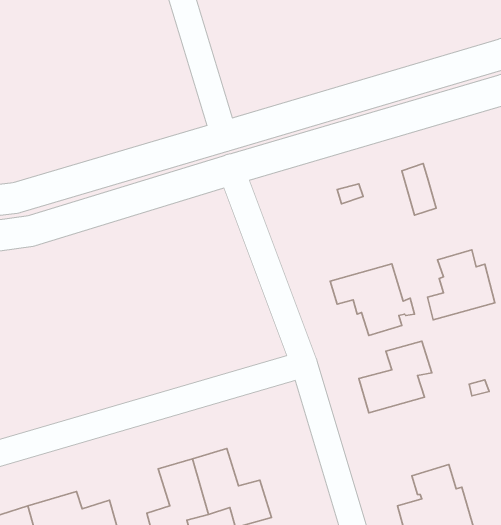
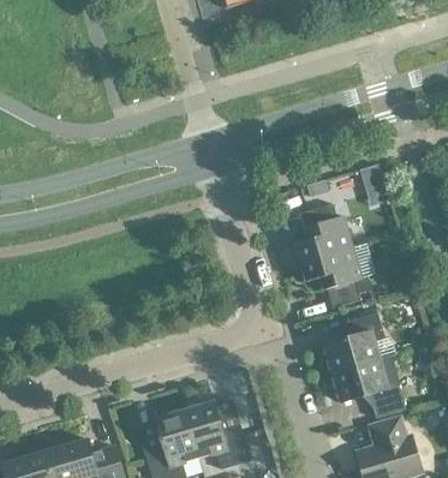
building: [428,250,495,320] -> [295,203,352,262]
building: none -> [333,355,406,418]

